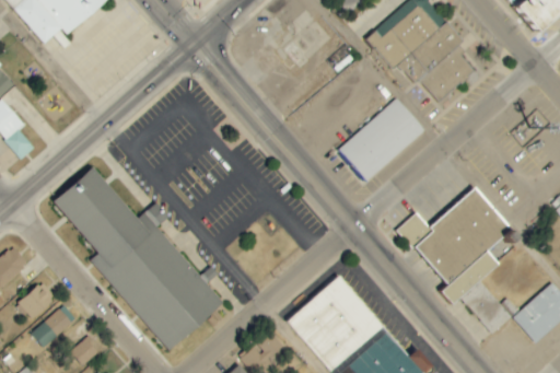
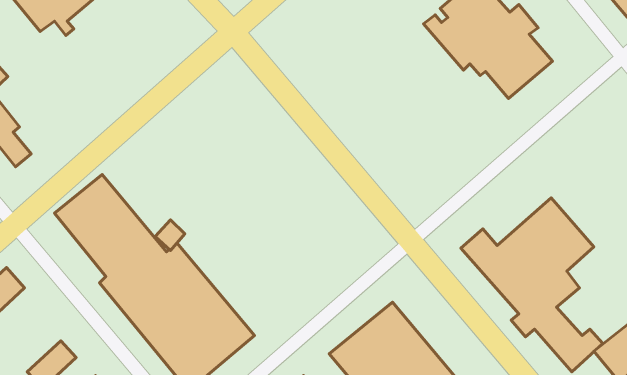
building: [338,97,425,182] -> none
building: [18,283,52,318] -> none

